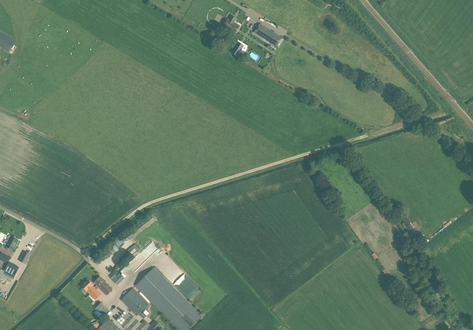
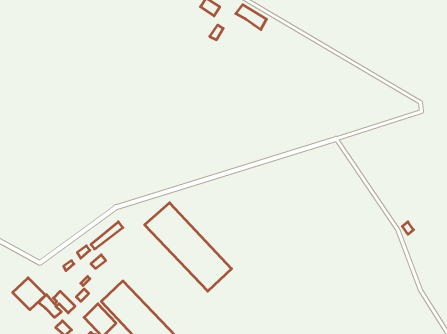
building: none -> [145,203,232,291]
building: none -> [13,278,45,310]

